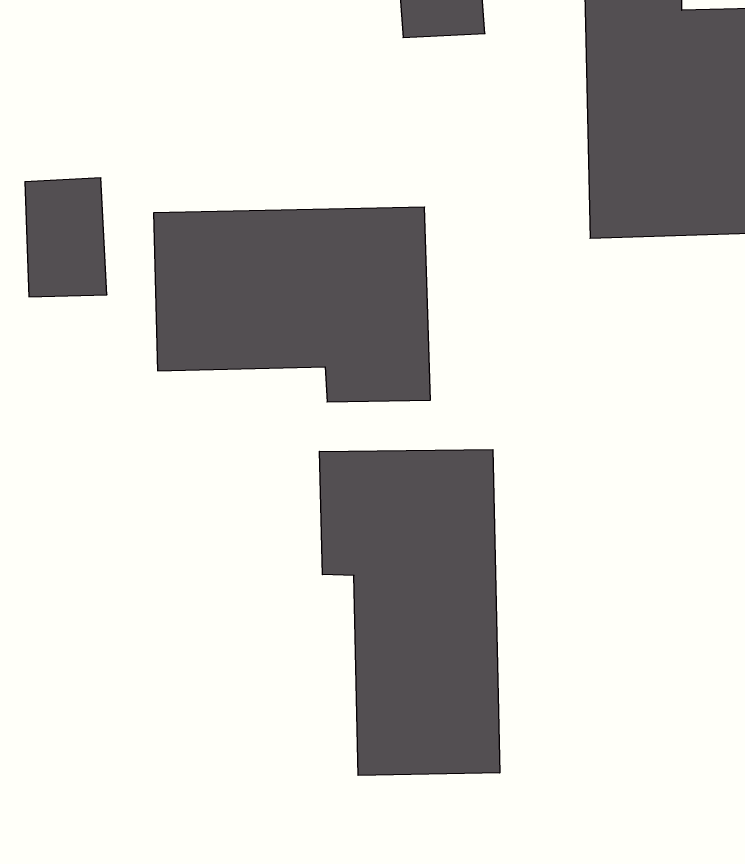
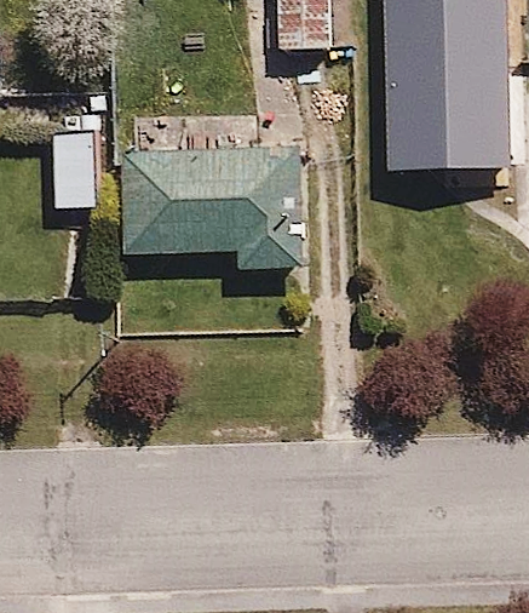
building: [319,450,500,775] -> none

